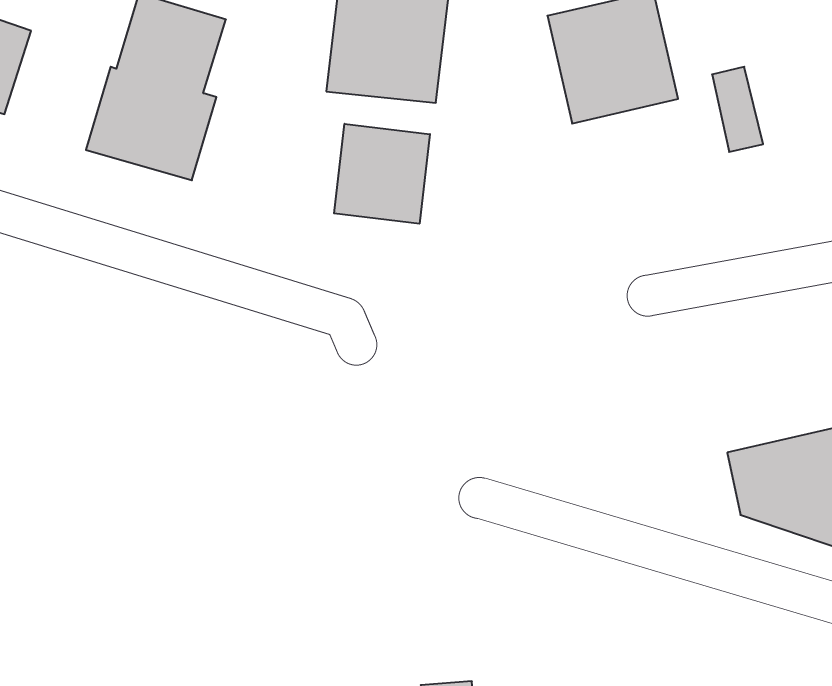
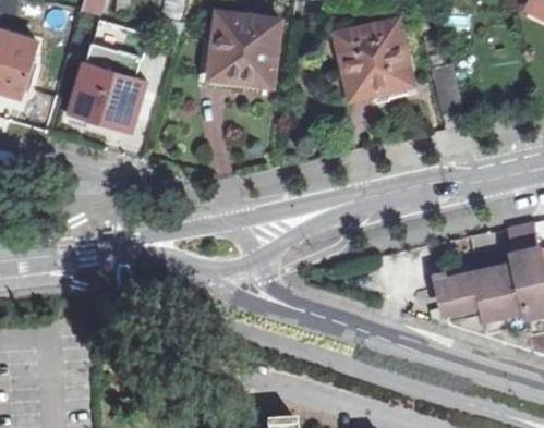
building: [334,124,430,224] -> none

